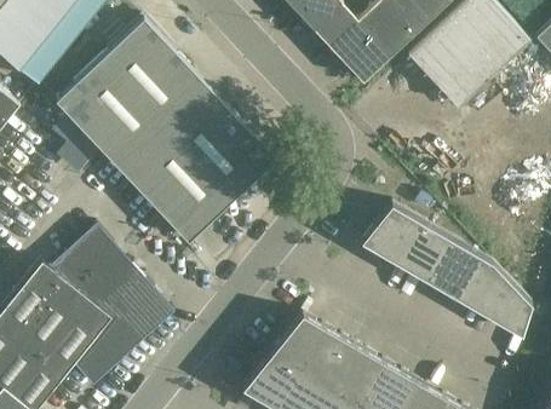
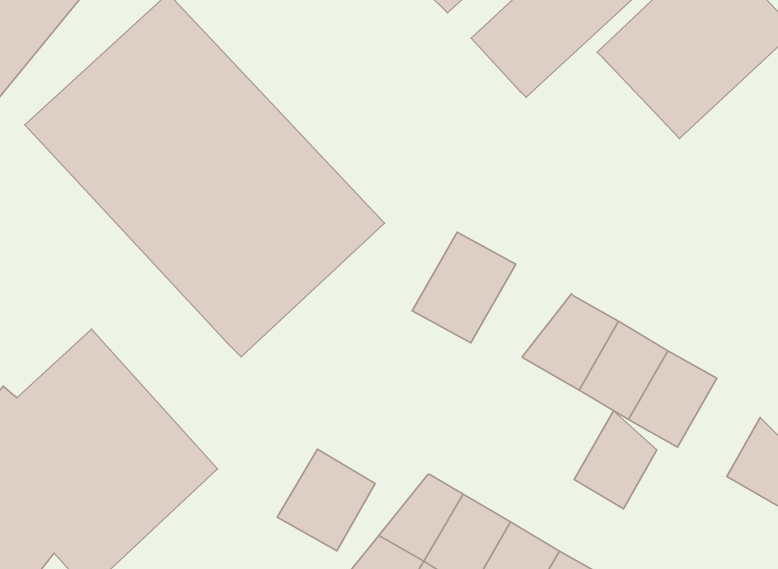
building: none -> [412,232,516,343]
building: [455,255,506,316] -> [574,411,657,509]
building: none -> [277,449,375,551]

